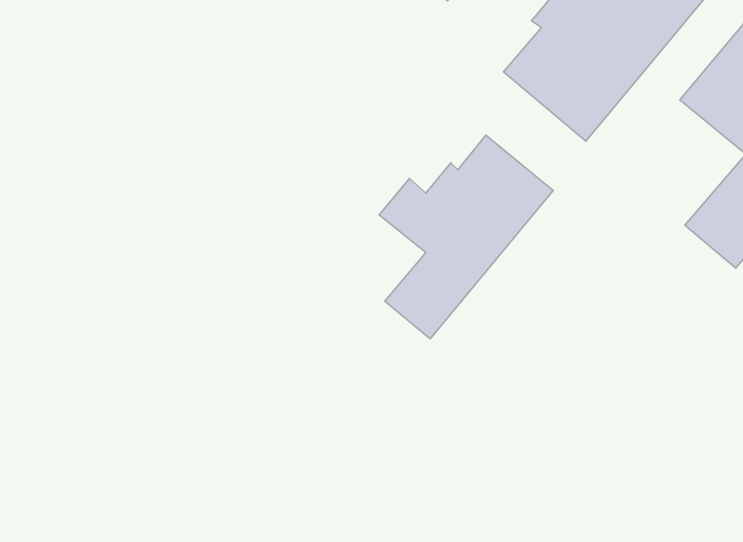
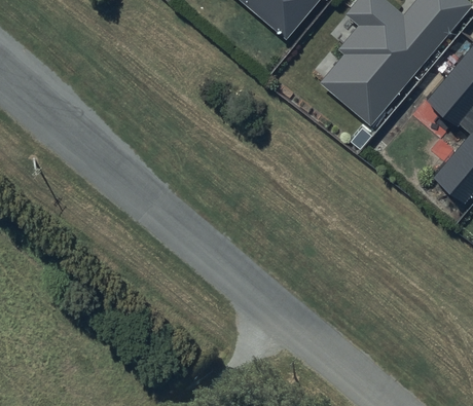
building: [379,135,553,339] -> none

